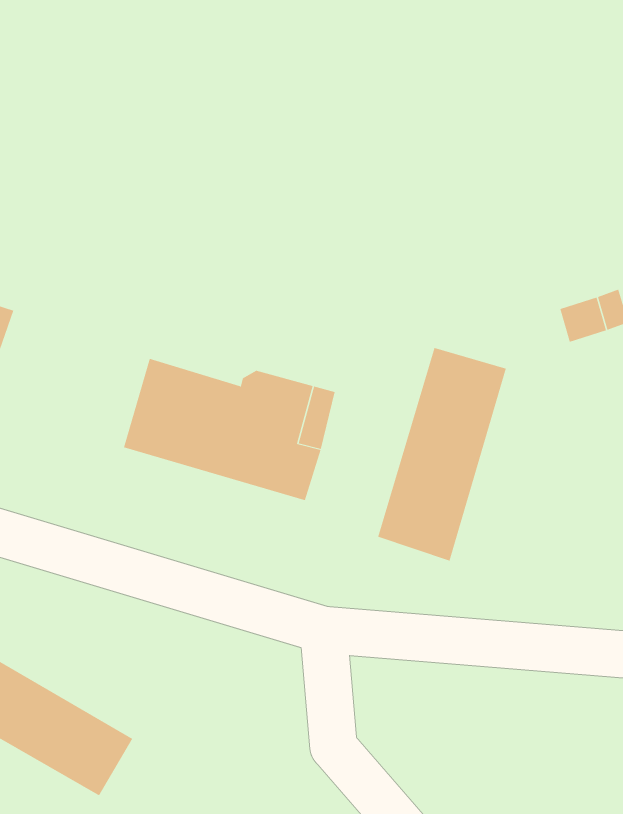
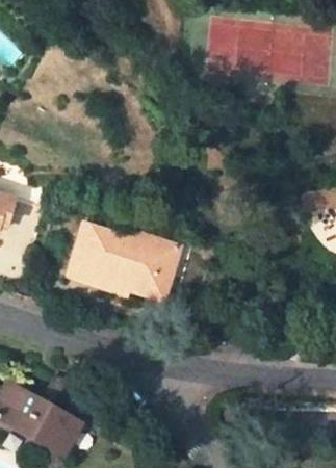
building: [378,347,507,561] -> none

